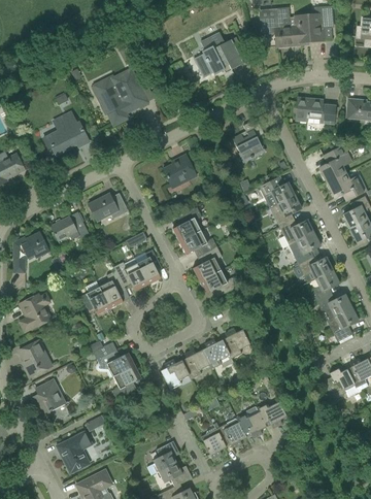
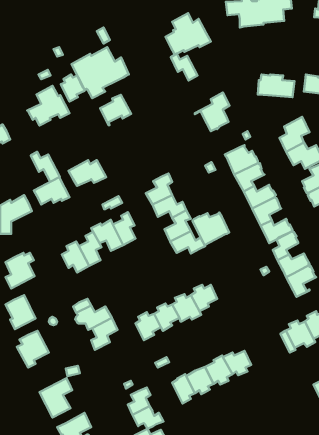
building: none -> [171,54,198,81]
building: none -> [61,74,85,102]
building: [163,155,197,188] -> [100,95,131,125]
building: none -> [31,152,60,182]
building: none -> [192,212,229,245]

